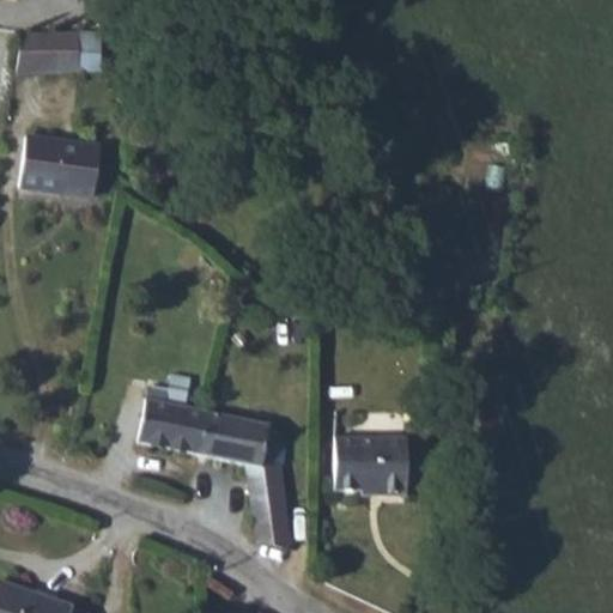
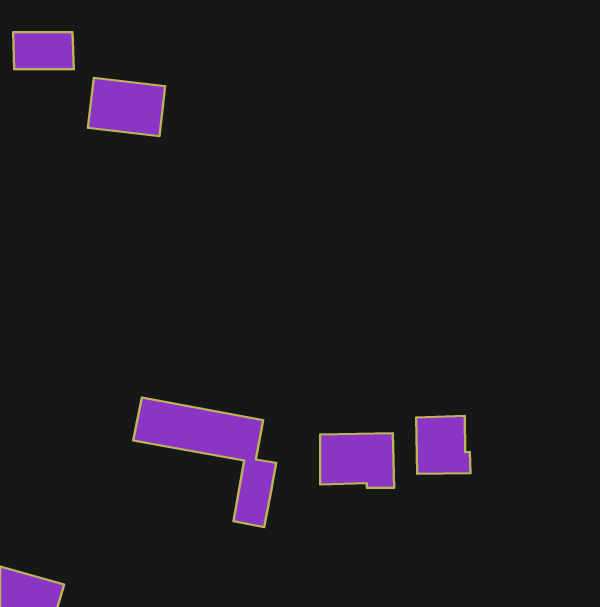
building: [25,135,103,194] -> [88,78,165,136]
building: none -> [416,416,471,474]

